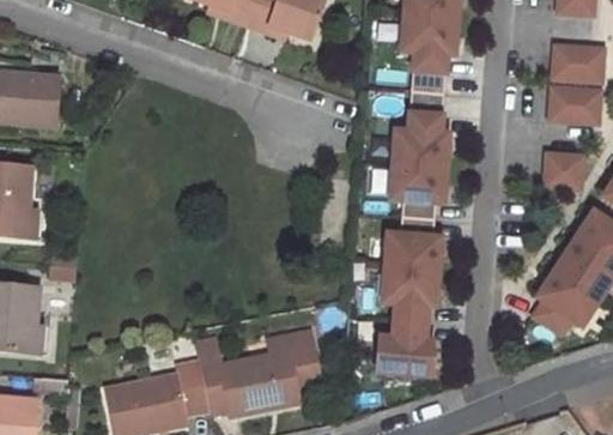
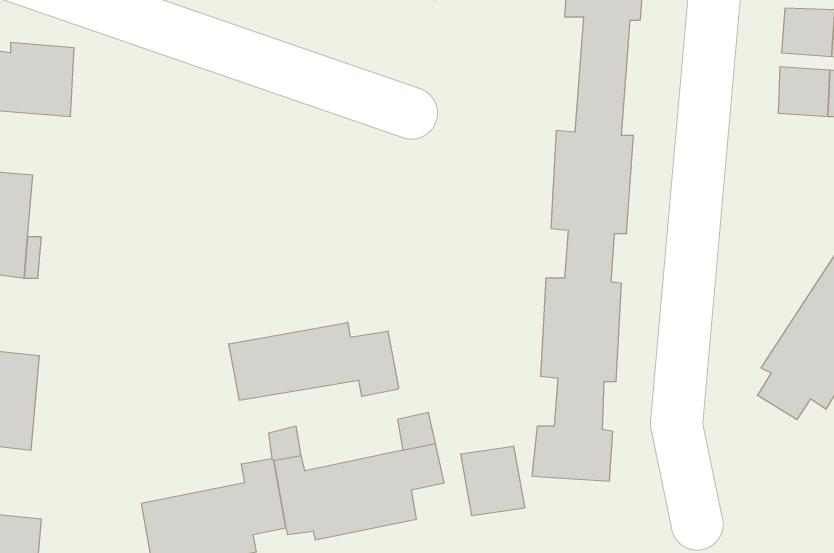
building: [546,152,582,186] -> none
building: none -> [229,322,398,400]
building: none -> [461,446,525,516]

